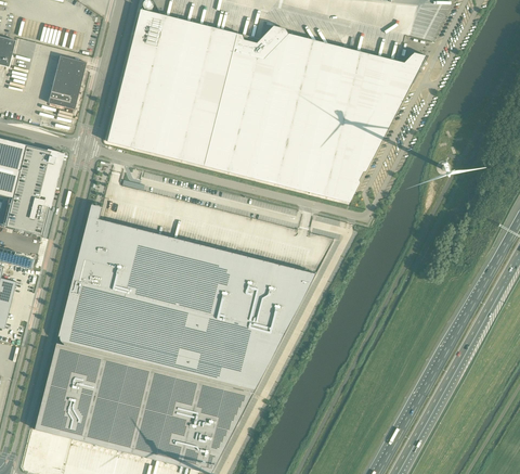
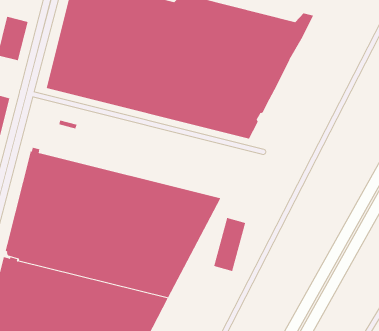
building: none -> [213,217,246,272]

